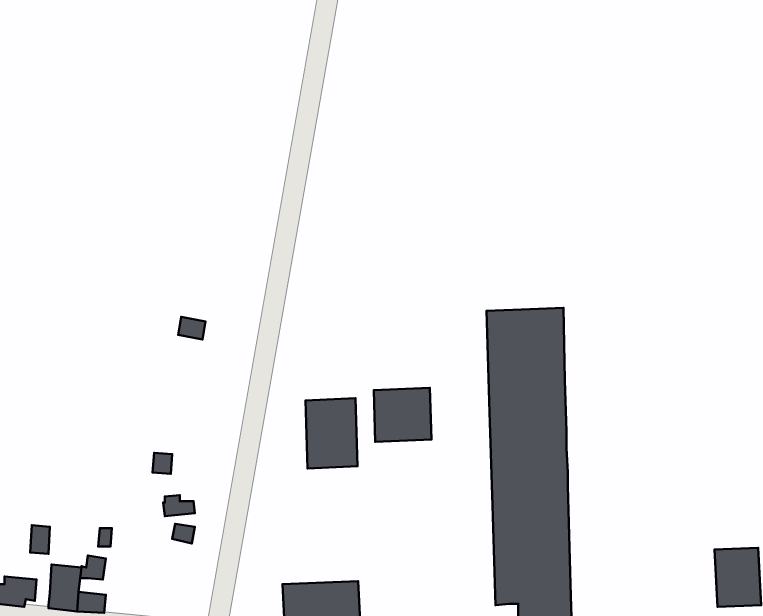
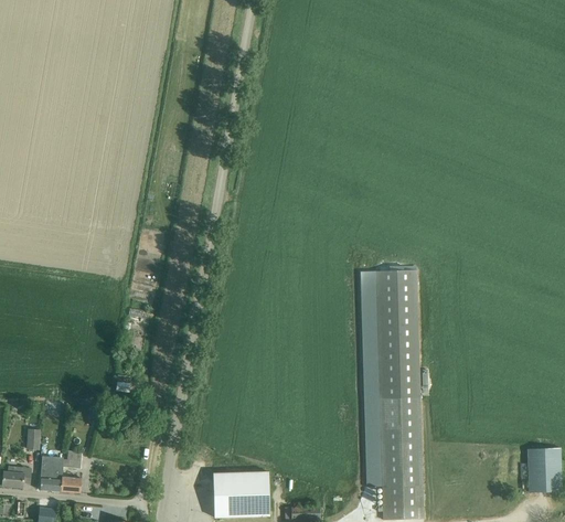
building: [374,388,431,442] -> none
building: [306,398,358,469] -> none

